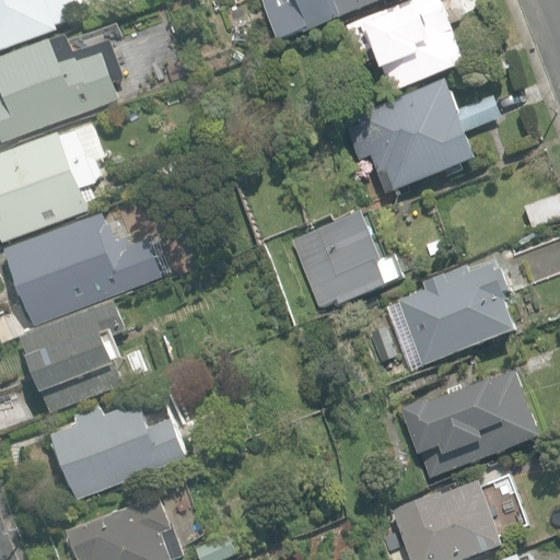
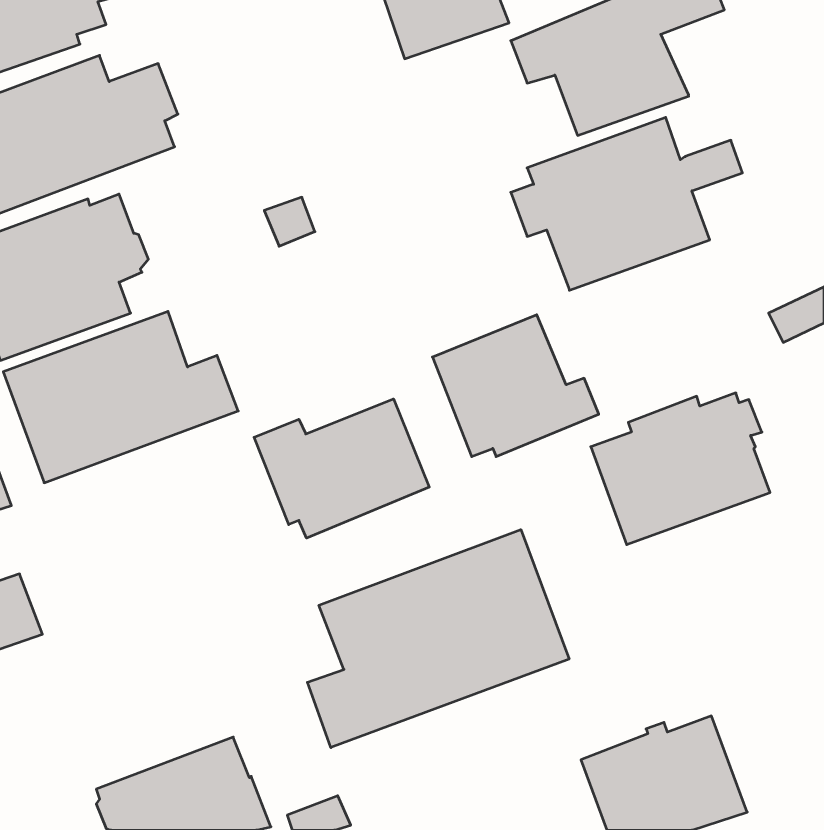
building: none -> [254,399,429,538]
building: [20,298,142,411] -> none
building: none -> [307,530,569,748]
building: [401,370,544,477] -> none
building: [50,405,186,499] -> none

